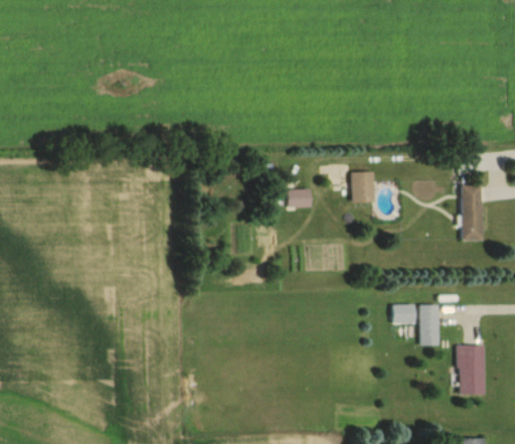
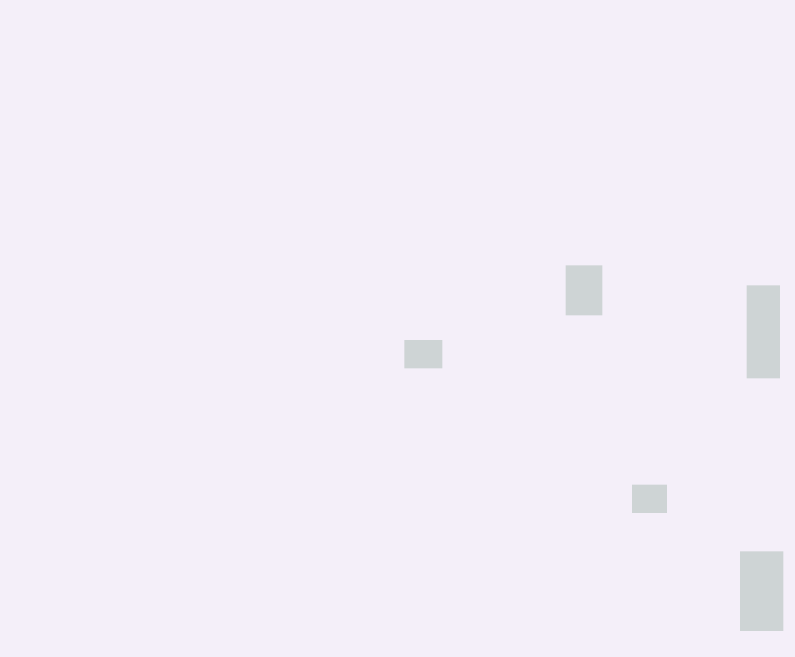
building: [288,190,312,208] -> [403,339,443,369]
building: [420,305,440,345] -> none

